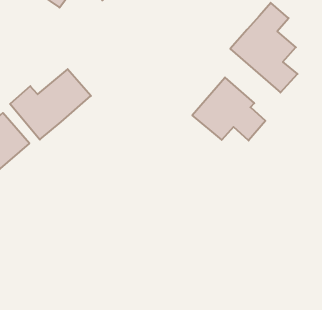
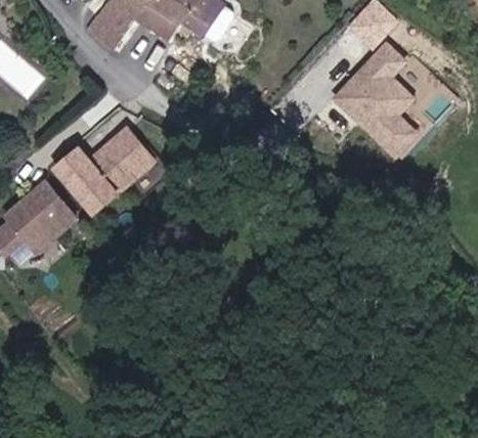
building: [192,77,265,141] -> none

